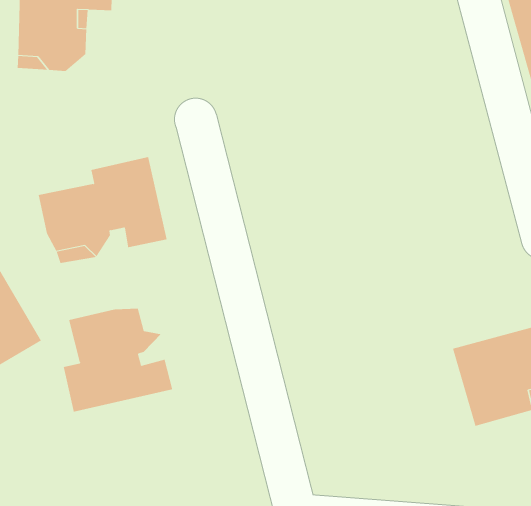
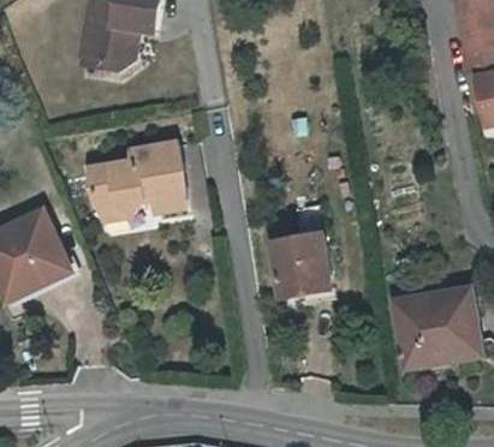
building: none -> [269,233,343,300]
building: [63,308,173,413] -> none

